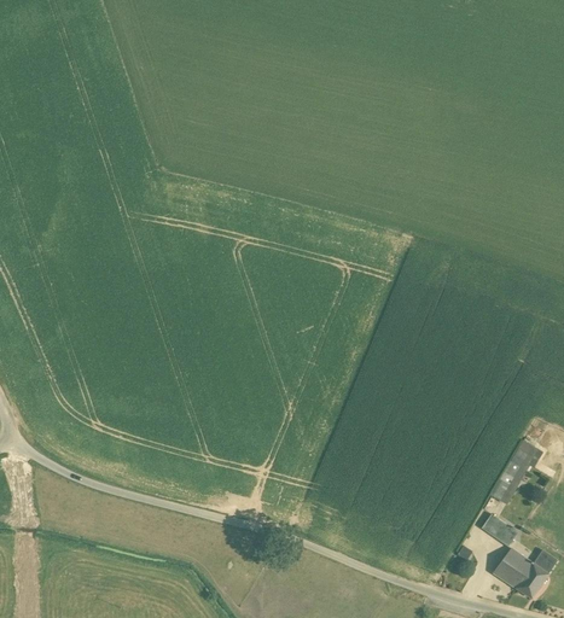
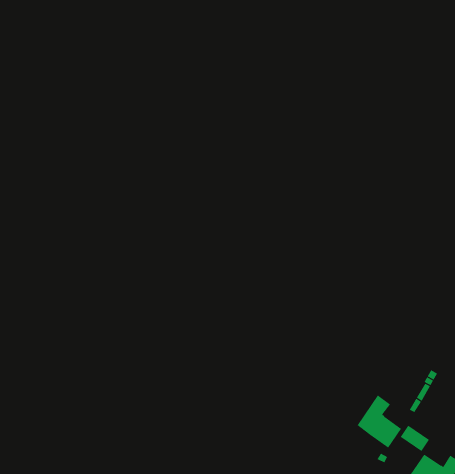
building: none -> [357,394,402,449]

